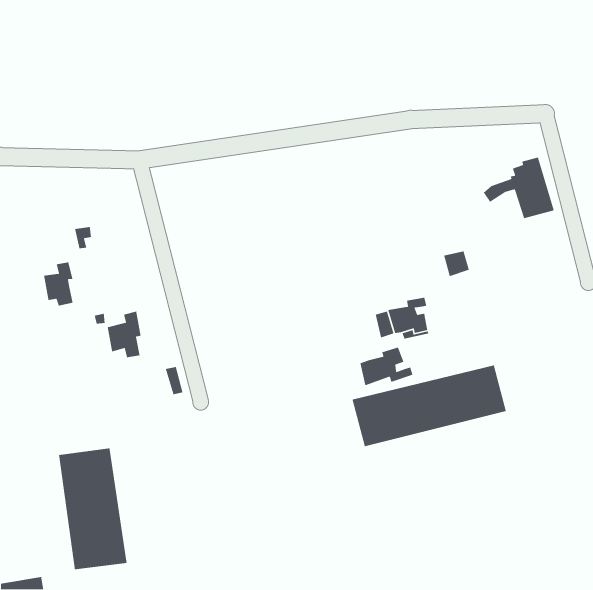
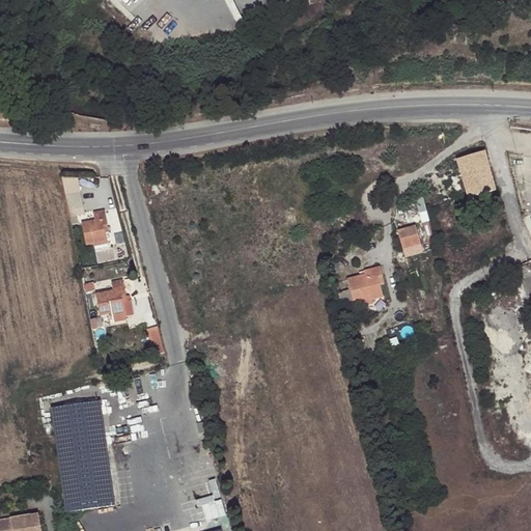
building: [43,261,73,307] -> [81,208,108,249]
building: [359,347,413,386] -> none
building: [351,364,507,447] -> none

